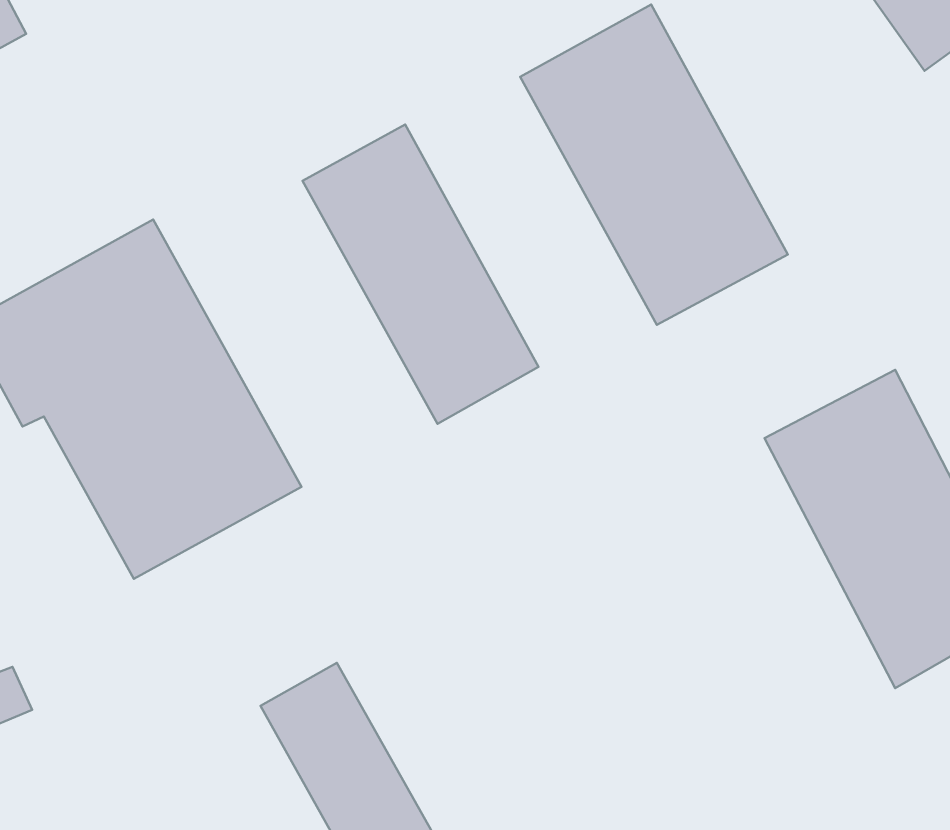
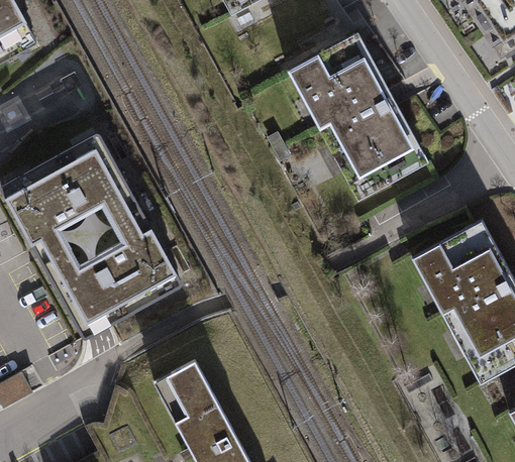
building: [303,125,538,424] -> none

